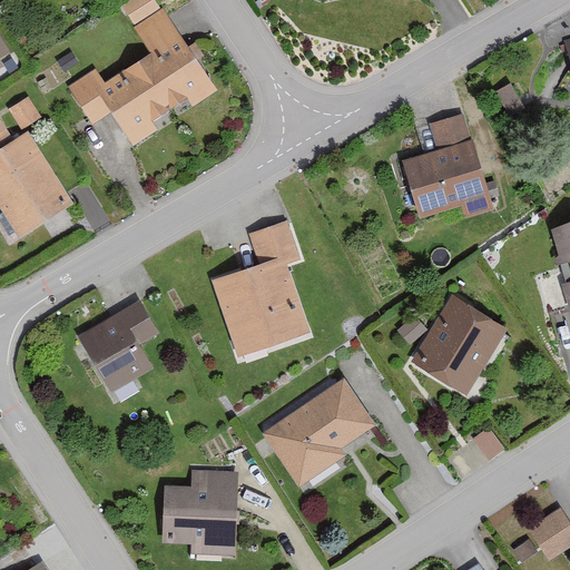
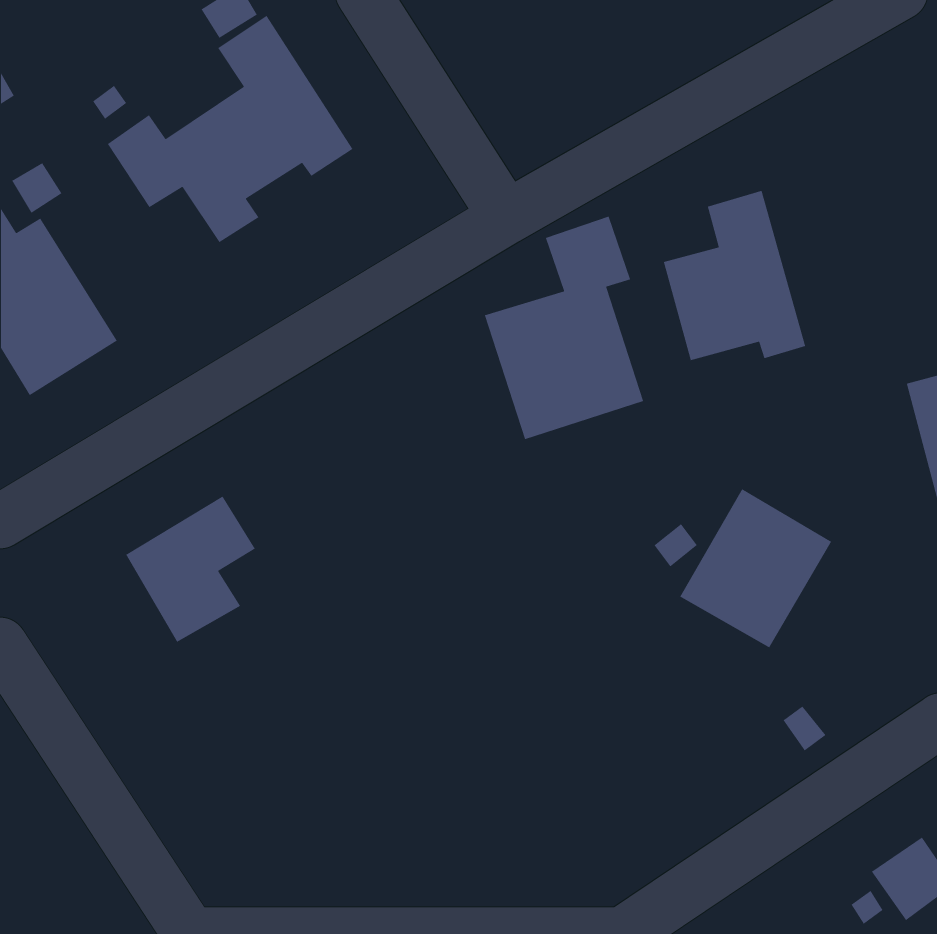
building: [212,217,308,353] -> [484,215,644,440]
building: [263,376,376,485] -> none
building: [163,469,237,554] -> none

